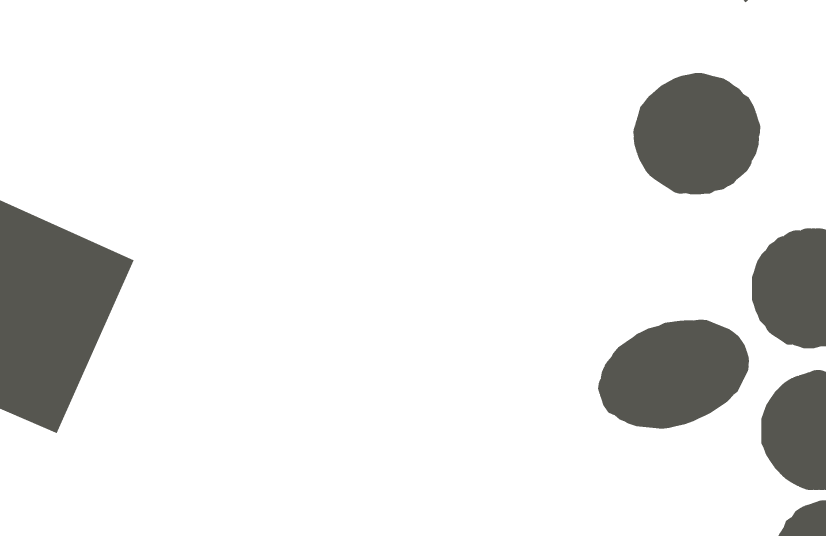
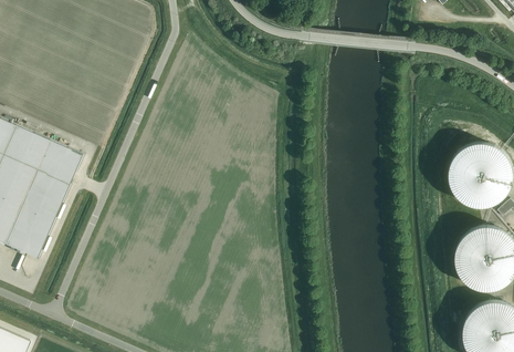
building: [633,72,761,195] -> none
building: [597,319,749,430] -> none

